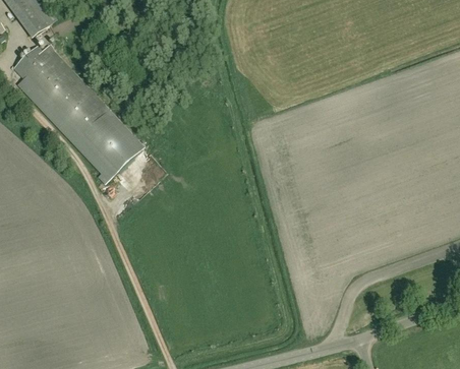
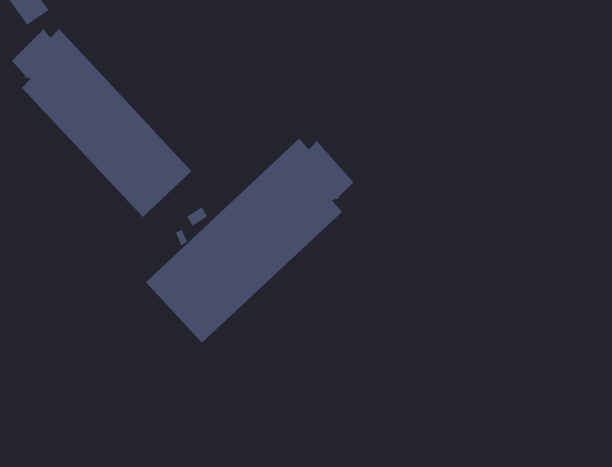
building: none -> [145,138,354,343]

